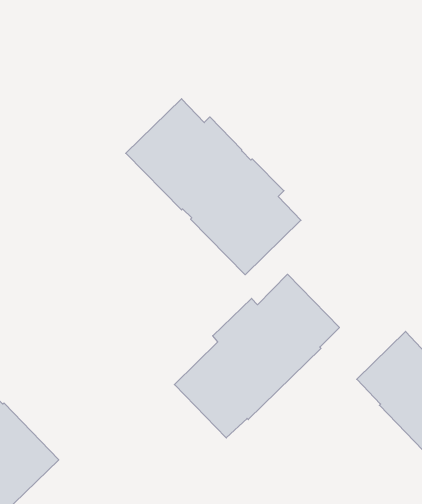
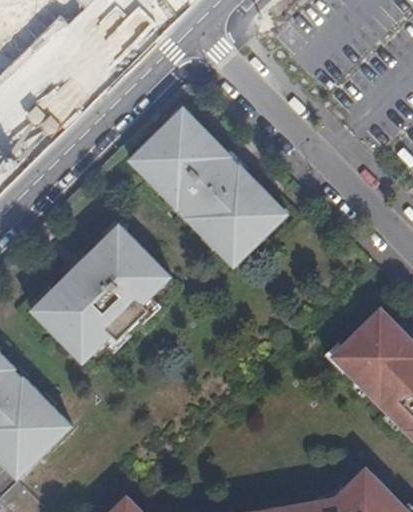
building: none -> [28,226,168,364]
building: [174,274,339,438] -> none

